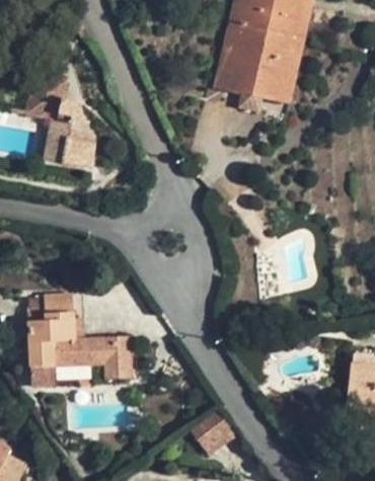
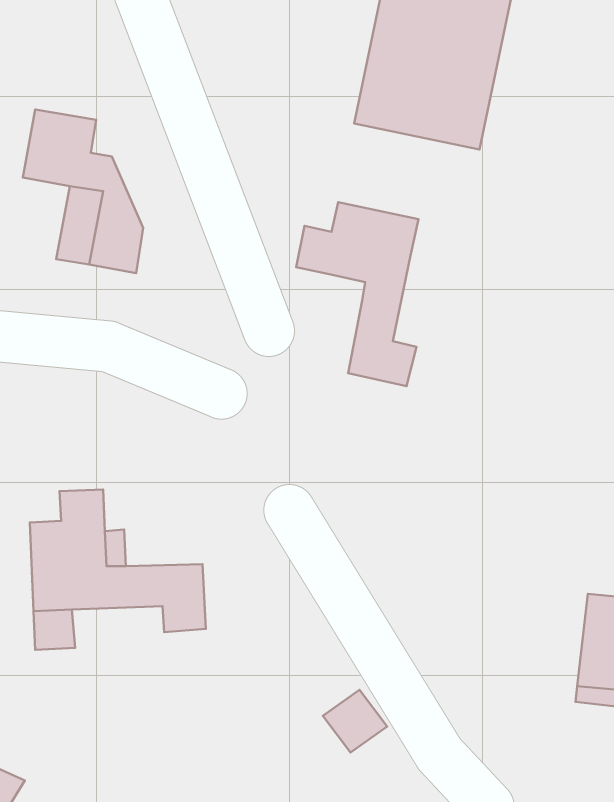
building: none -> [296,202,418,386]

